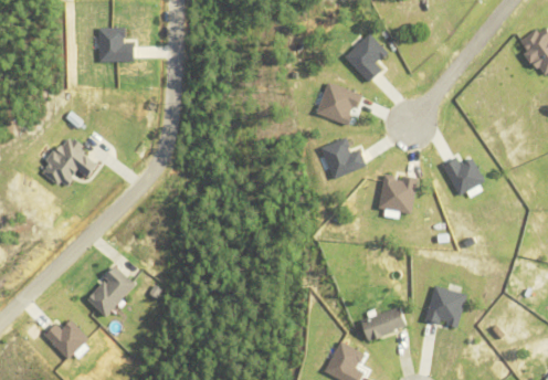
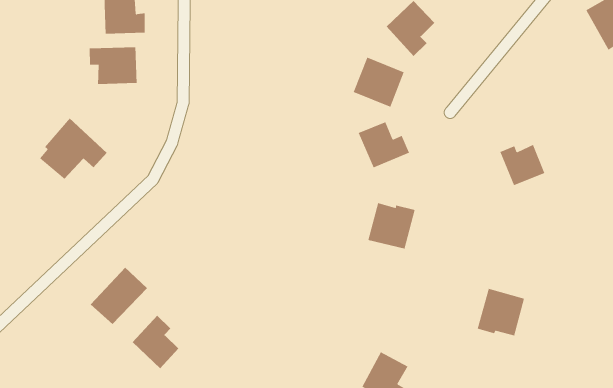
building: none -> [89,47,137,85]
building: [376,173,418,214] -> [367,202,415,249]
building: [359,305,407,340] -> none
building: none -> [132,315,179,369]
building: [44,318,88,358] -> none

